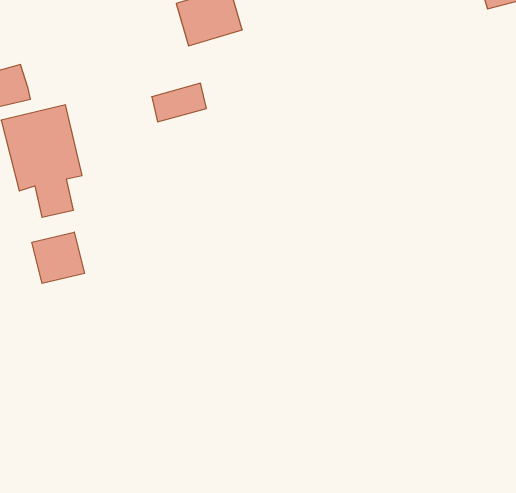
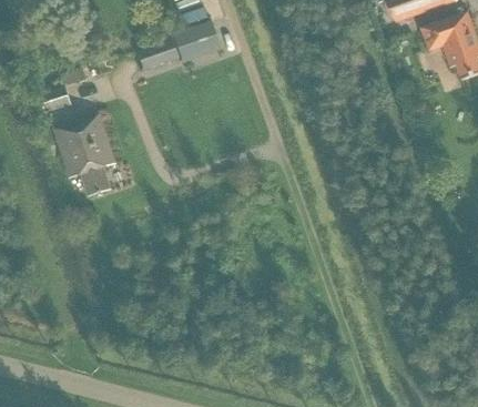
building: [152,83,206,122] -> [139,39,179,69]
building: [32,232,84,283] -> none

